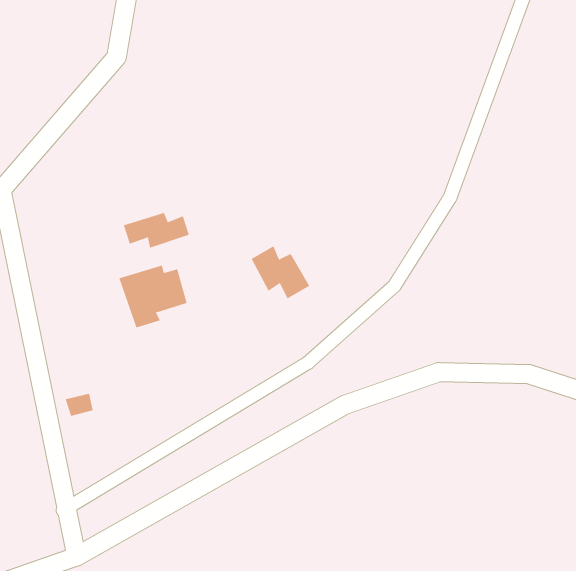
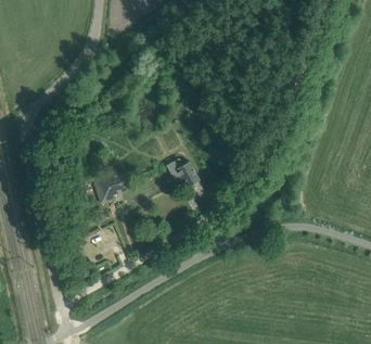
building: [123,212,189,249] -> none

